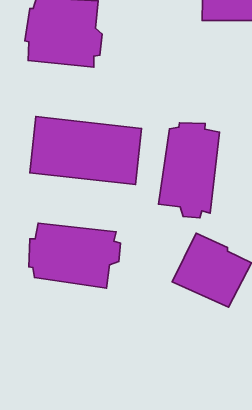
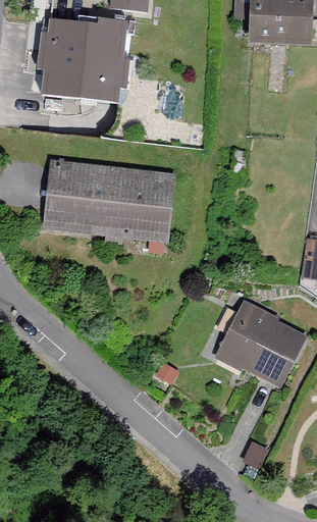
building: [159,123,219,218] -> none
building: [29,223,120,288] -> none

